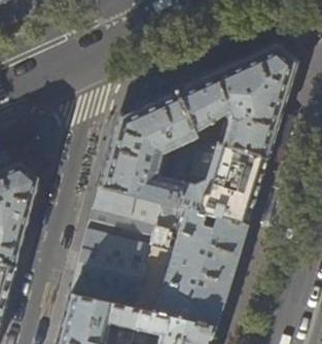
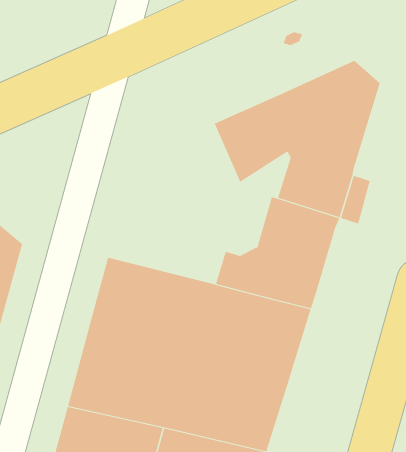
building: [99,91,195,206] -> none

